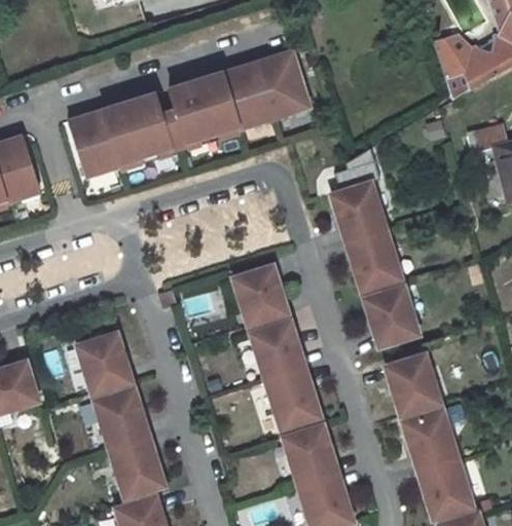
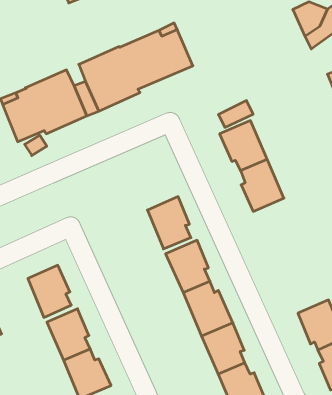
building: [363,284,417,343] -> none
building: [389,351,439,413] -> none

